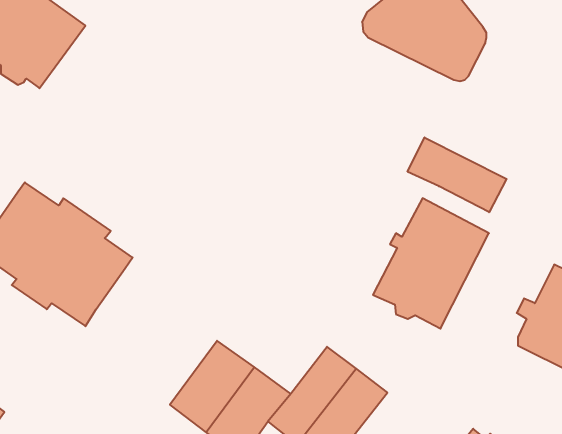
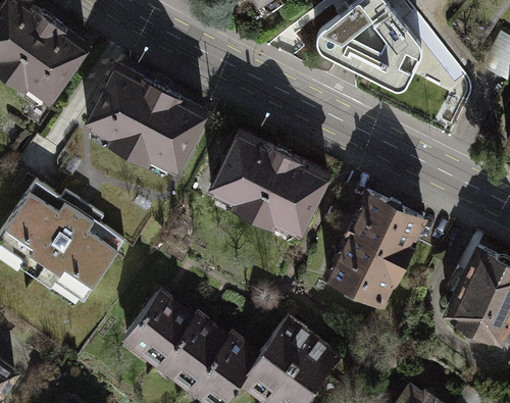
building: none -> [83,62,206,172]
building: none -> [208,129,328,237]
building: [408,137,507,212] -> none
building: none -> [121,285,197,365]

